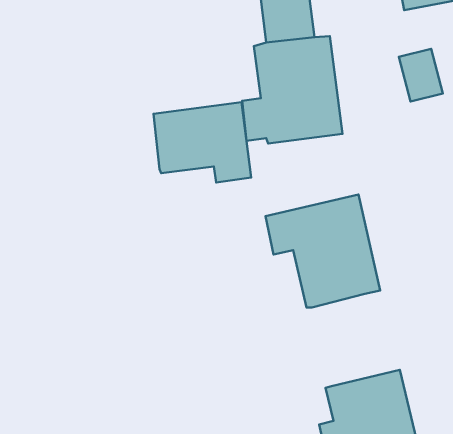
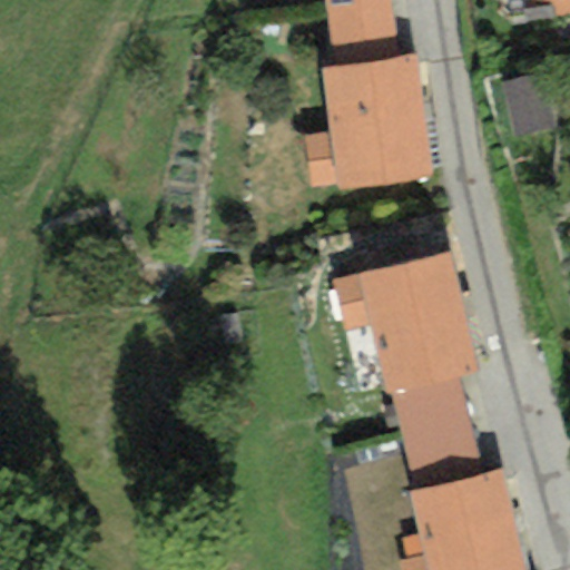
building: [153,102,251,183] -> none
building: none -> [393,376,483,491]

